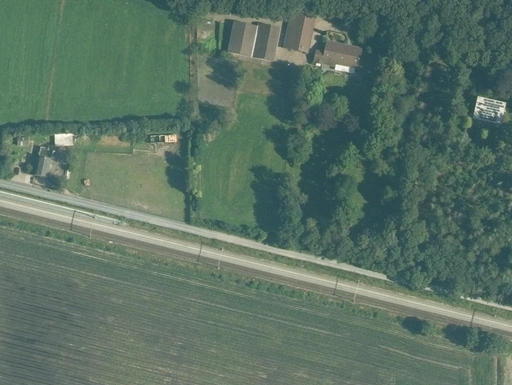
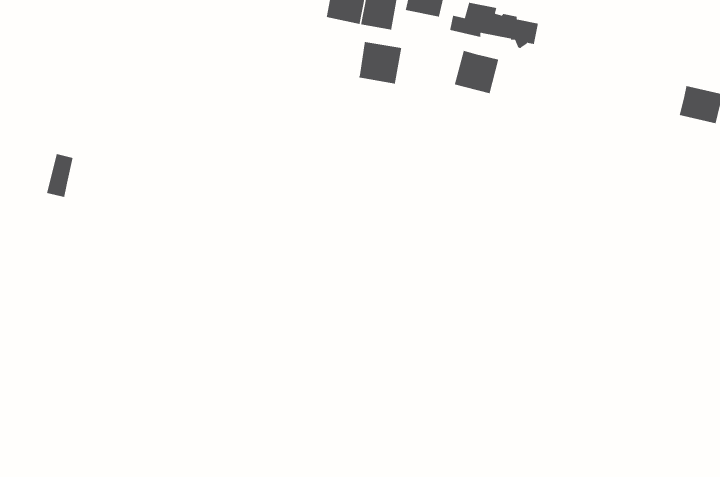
building: none -> [358,41,402,84]
building: none -> [454,50,499,94]

